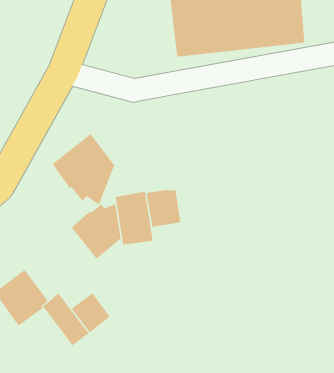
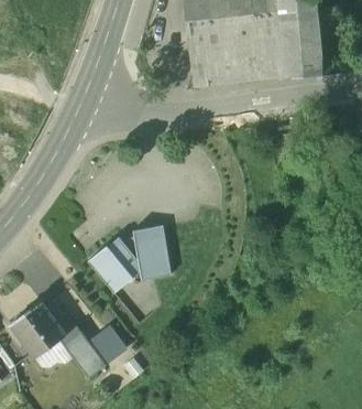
building: [52,133,115,205] -> none
building: [146,189,181,227] -> none

